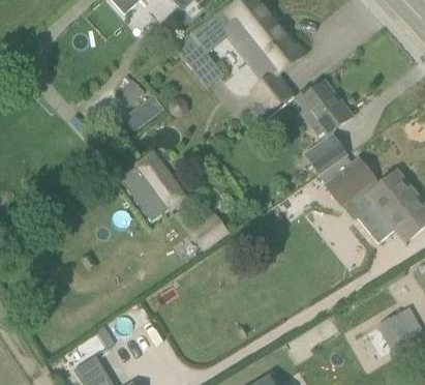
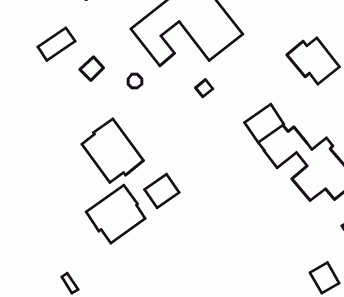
building: [290,81,350,134] -> [287,38,340,84]
building: [121,92,163,129] -> [38,28,75,60]
building: none -> [86,185,145,243]

